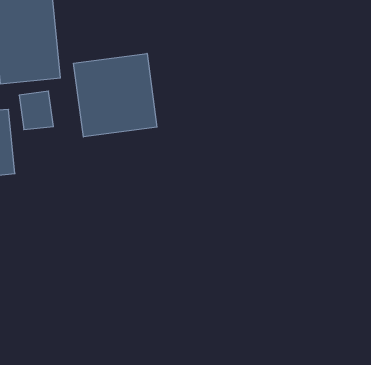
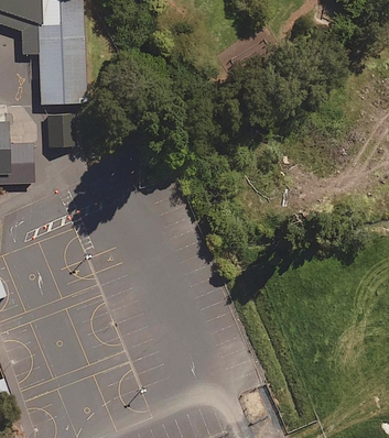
building: [74,53,157,137] -> none

